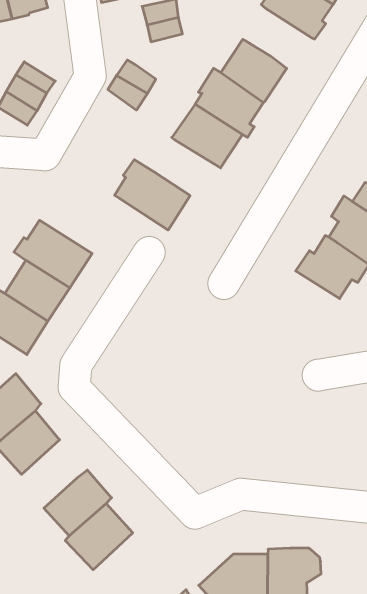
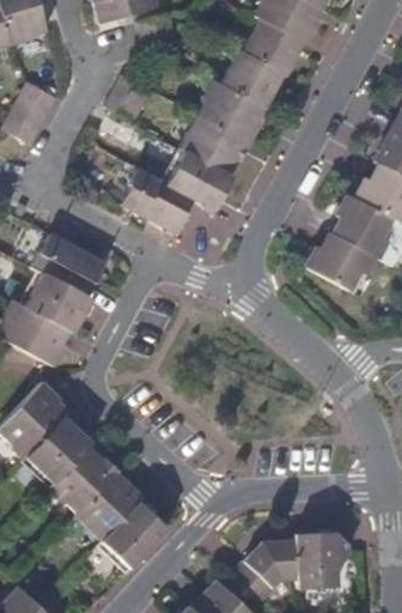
building: none -> [240,16,304,73]
building: none -> [162,148,230,207]
building: none -> [49,445,117,512]

